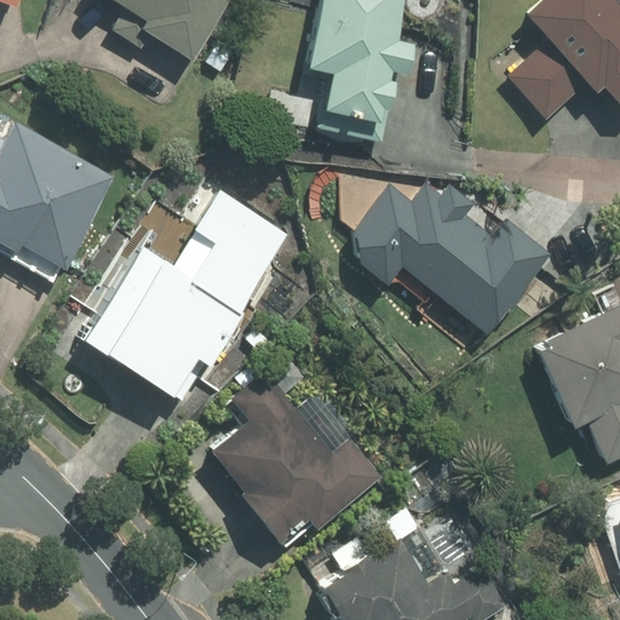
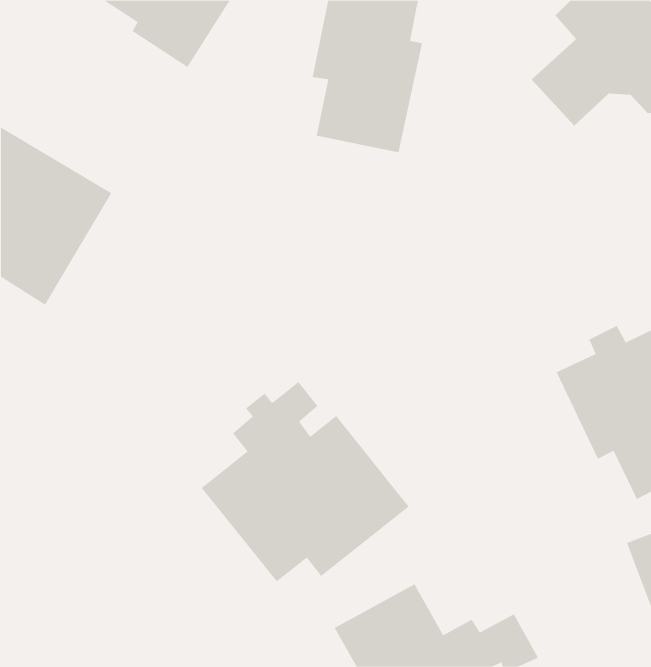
building: [76,178,295,414] -> none
building: [352,180,552,334] -> none

